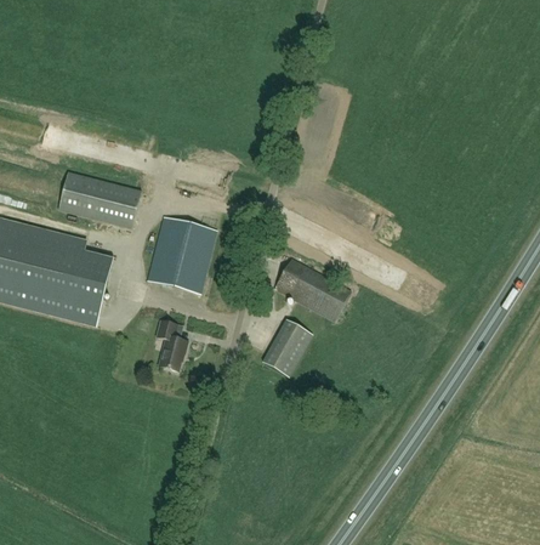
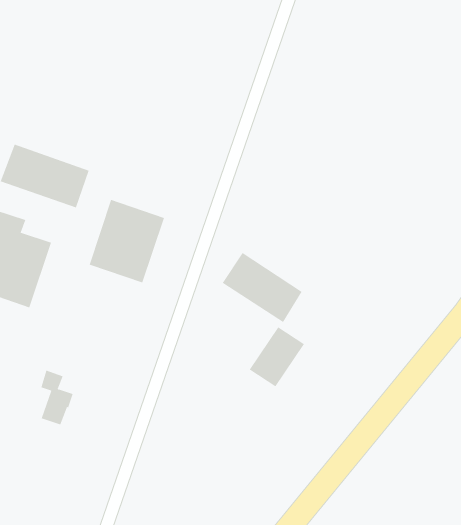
building: [262,318,313,375] -> [249,327,305,387]
building: [157,319,188,370] -> [41,370,74,425]

